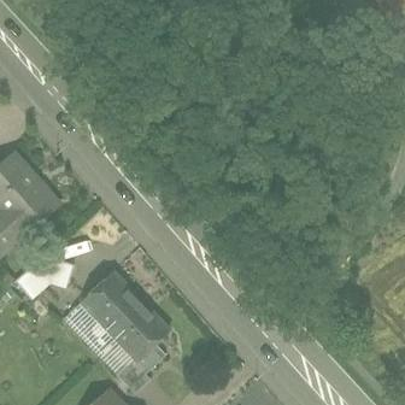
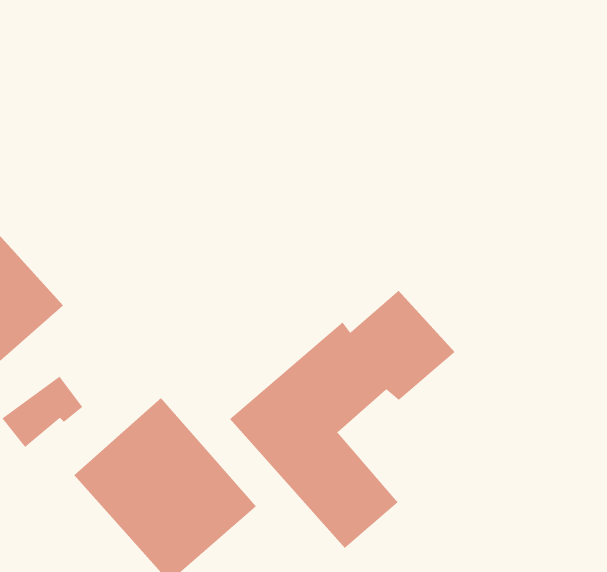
building: none -> [229,290,455,549]

